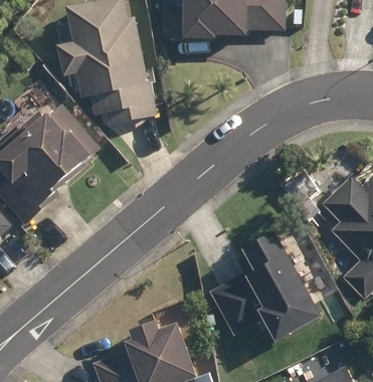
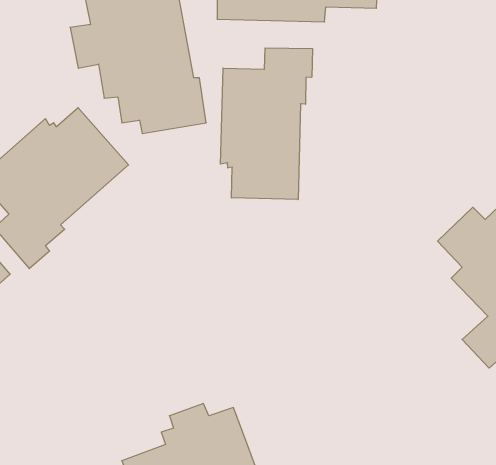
building: none -> [221,48,312,200]
building: [211,233,320,340] -> none

